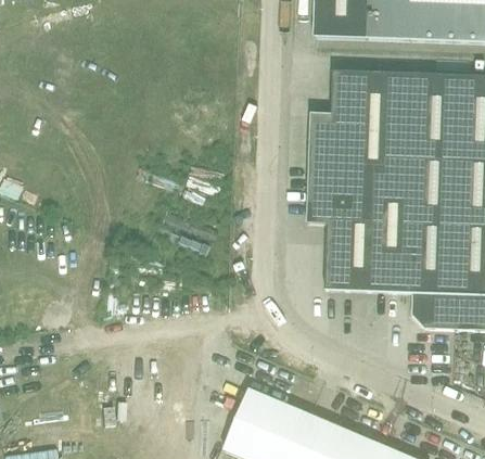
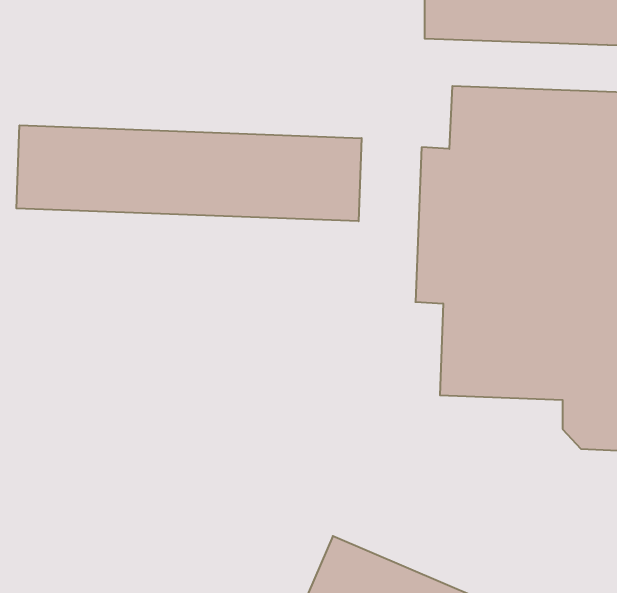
building: none -> [16,125,362,221]

